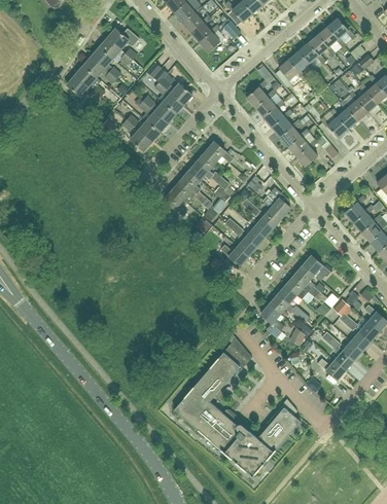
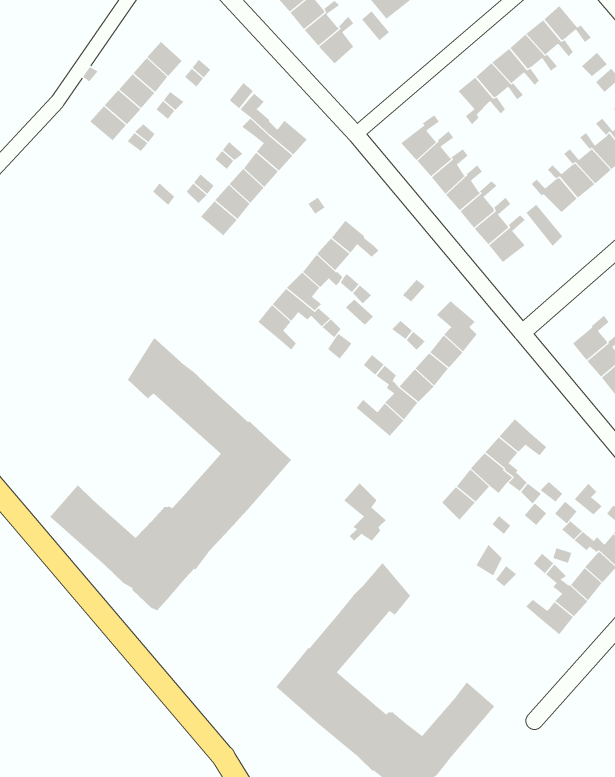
building: [108,28,140,49] -> none
building: none -> [50,337,292,611]
building: [260,303,285,337] -> [344,483,386,542]

